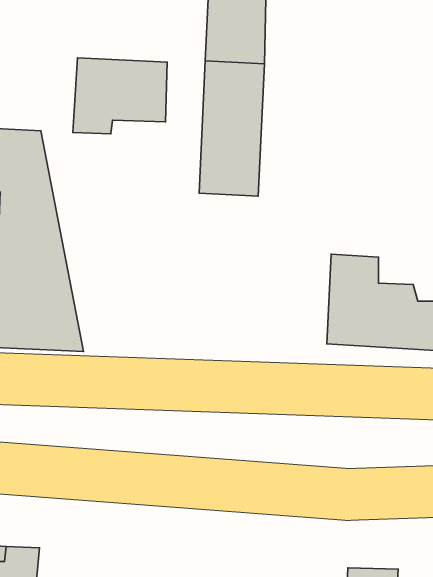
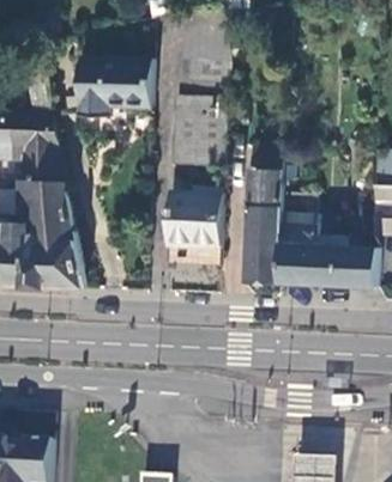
building: none -> [243,144,282,282]
building: none -> [169,194,221,246]

